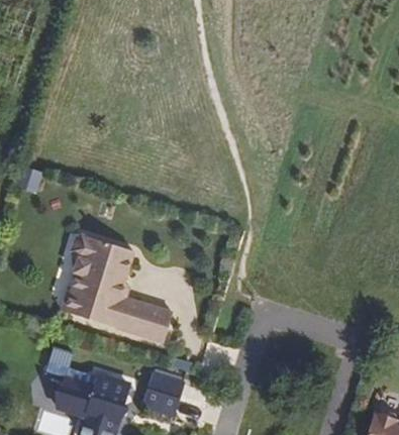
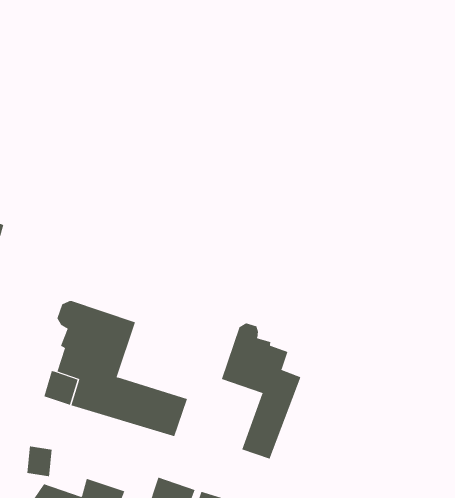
building: none -> [221,323,301,459]

